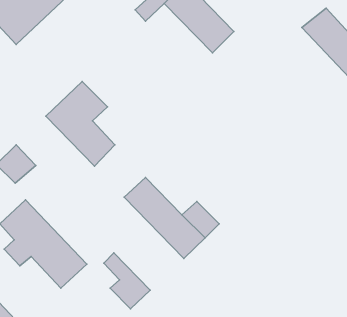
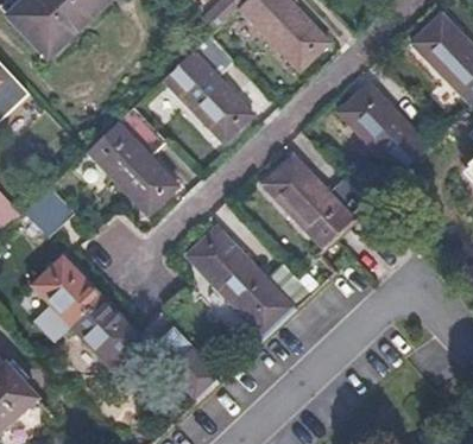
building: none -> [163,33,252,141]
building: none -> [339,82,429,172]
building: none -> [263,156,368,245]

